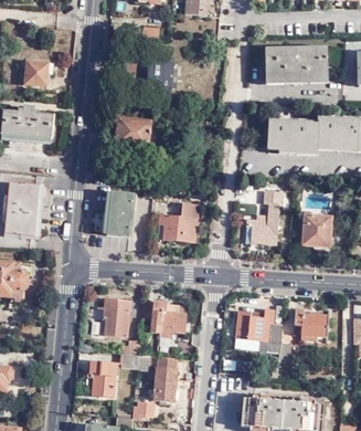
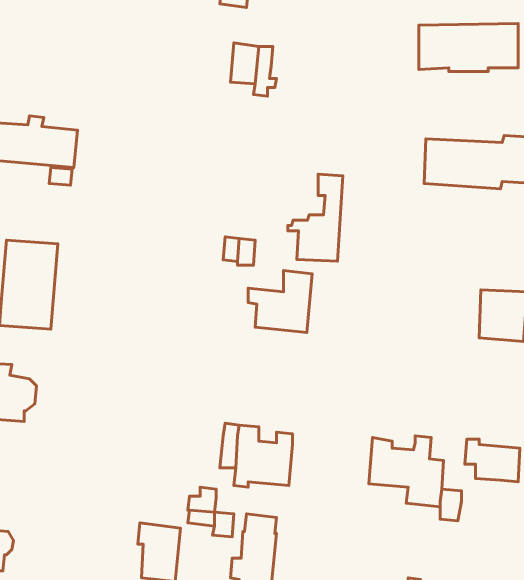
building: [24,62,53,85] -> none
building: [115,118,151,149] -> none
building: [246,191,280,245] -> [288,174,343,261]
building: [106,192,132,238] -> none
building: [103,297,130,336] -> none

